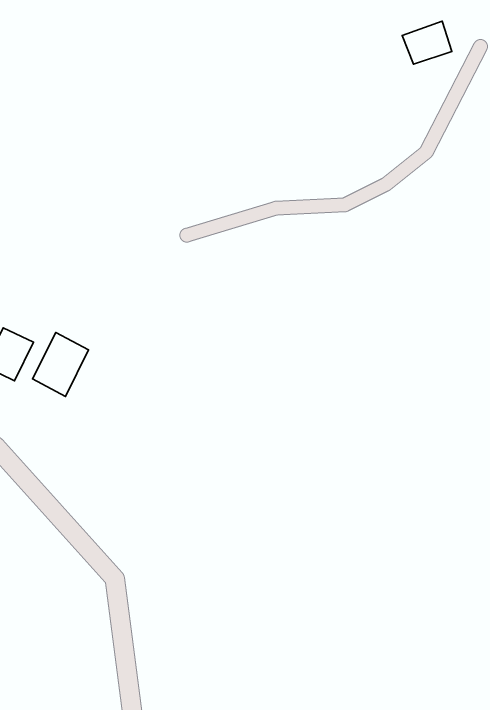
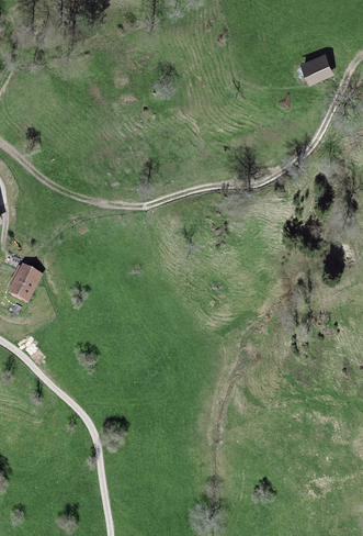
building: [33,332,89,396] -> none

